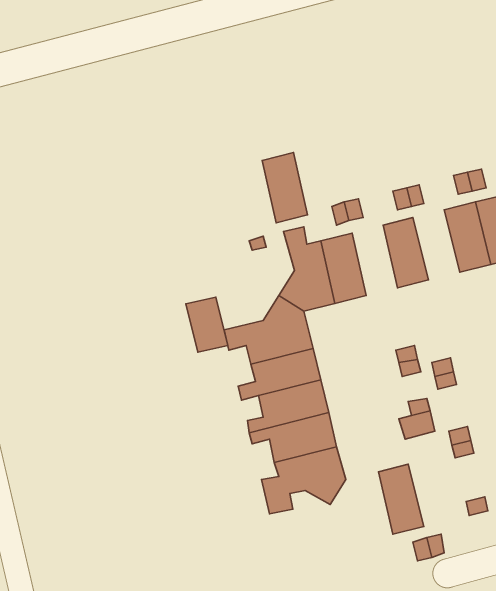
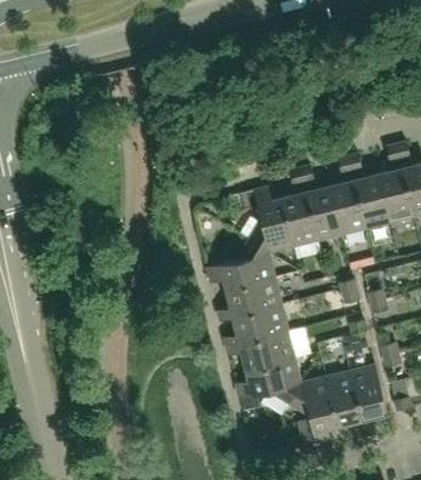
building: [262,153,308,223] -> [306,185,341,240]
building: none -> [353,173,389,228]
building: [186,297,228,352] -> none
building: none -> [349,365,387,419]
building: none -> [289,377,337,445]

